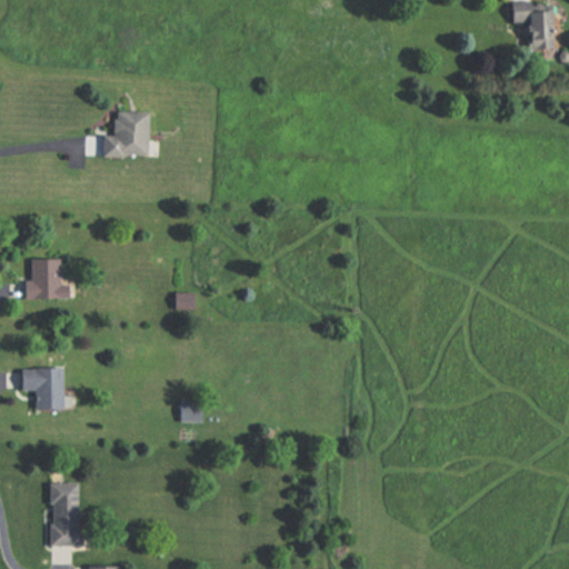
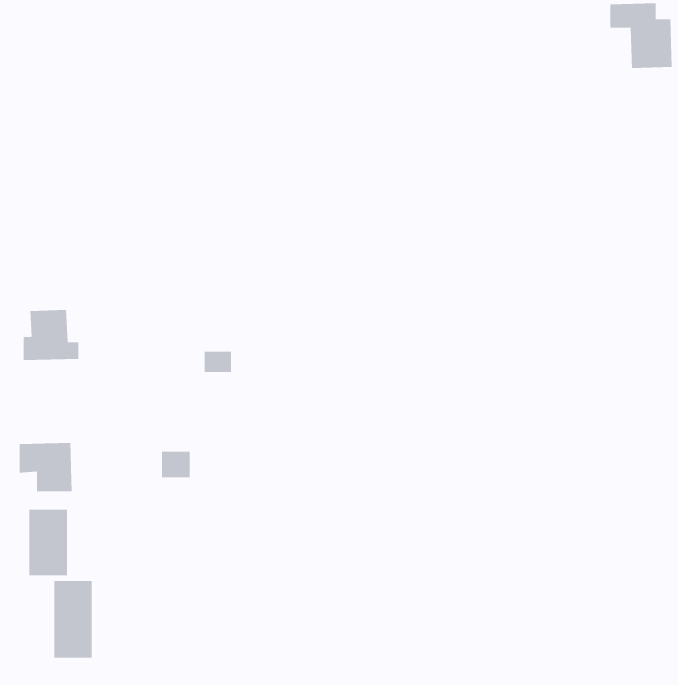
building: [103,113,150,157] -> none
building: [180,399,204,421] -> [161,451,191,478]
building: none -> [29,509,67,576]

